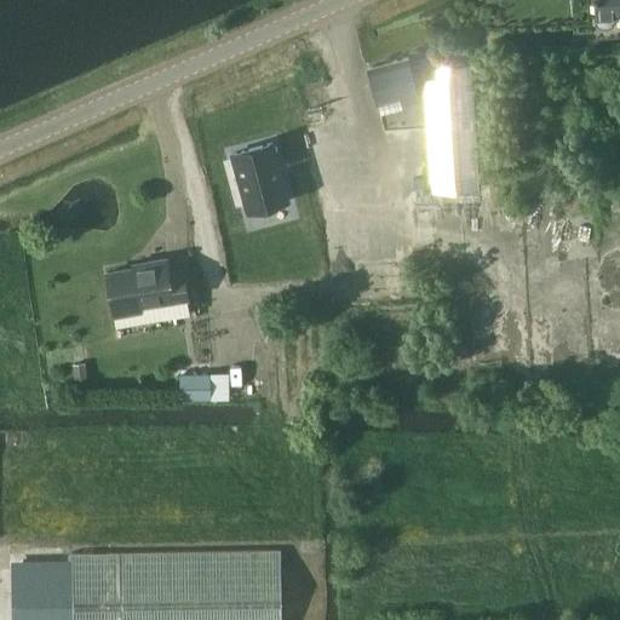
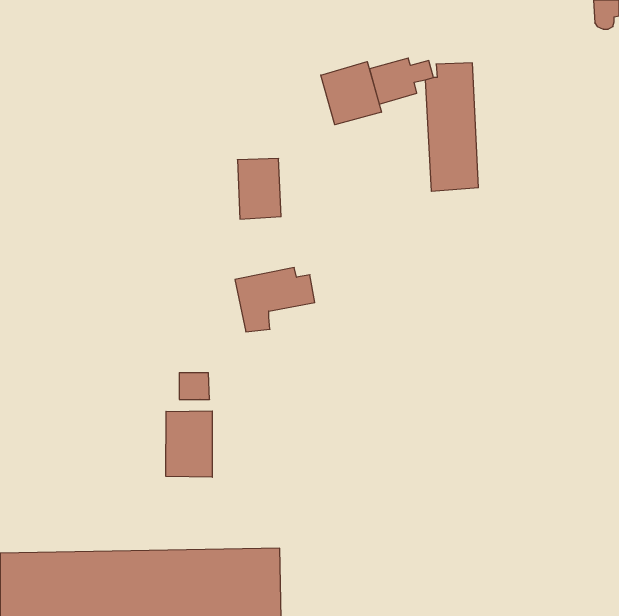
building: none -> [321,62,381,125]
building: [108,266,188,331] -> [235,268,315,332]
building: none -> [166,411,212,477]

